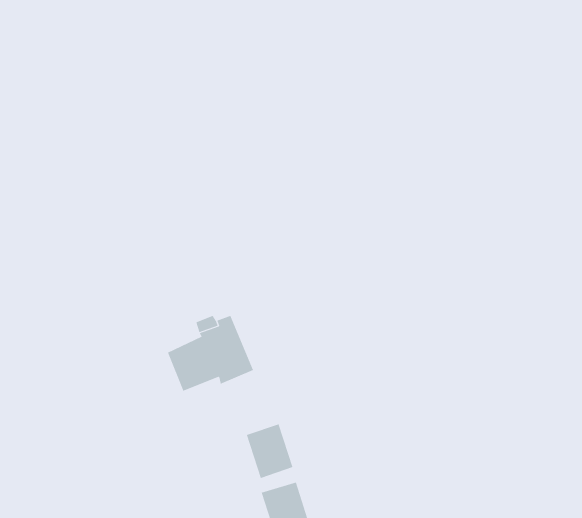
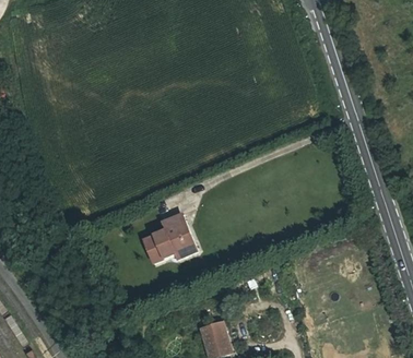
building: [246,423,293,479] -> none

